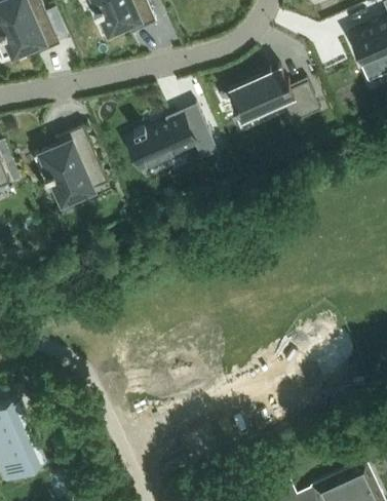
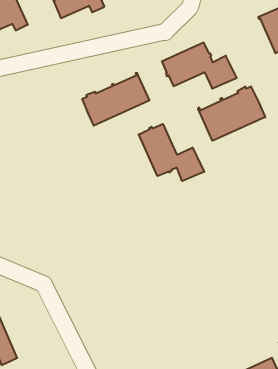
building: none -> [198,86,265,141]
building: [34,127,109,204] -> none
building: none -> [139,124,204,181]

